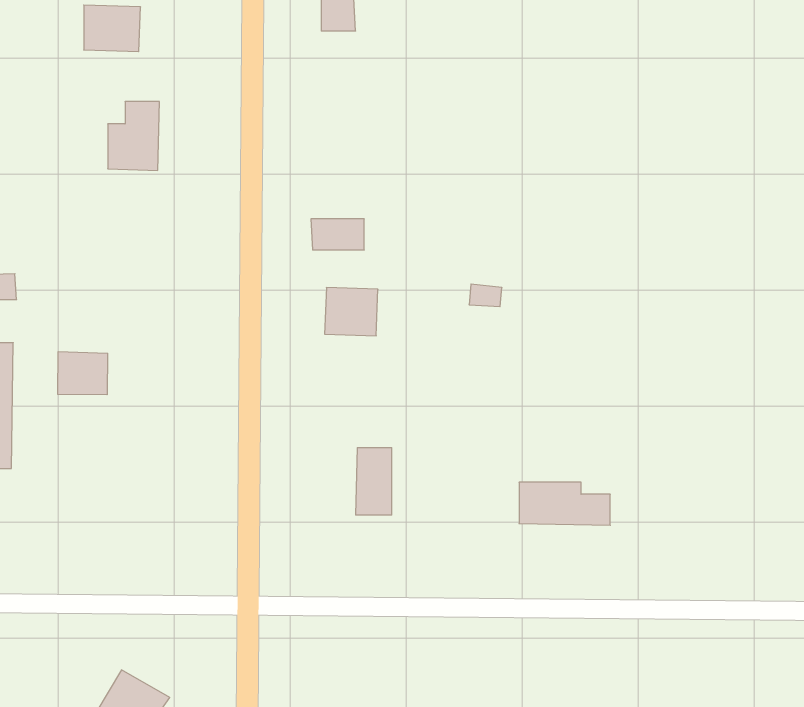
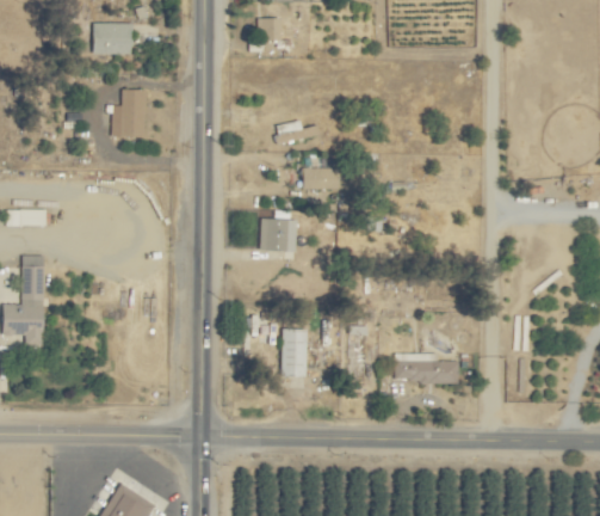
building: [311,219,364,250] -> [302,168,339,190]
building: [58,352,108,395] -> none

